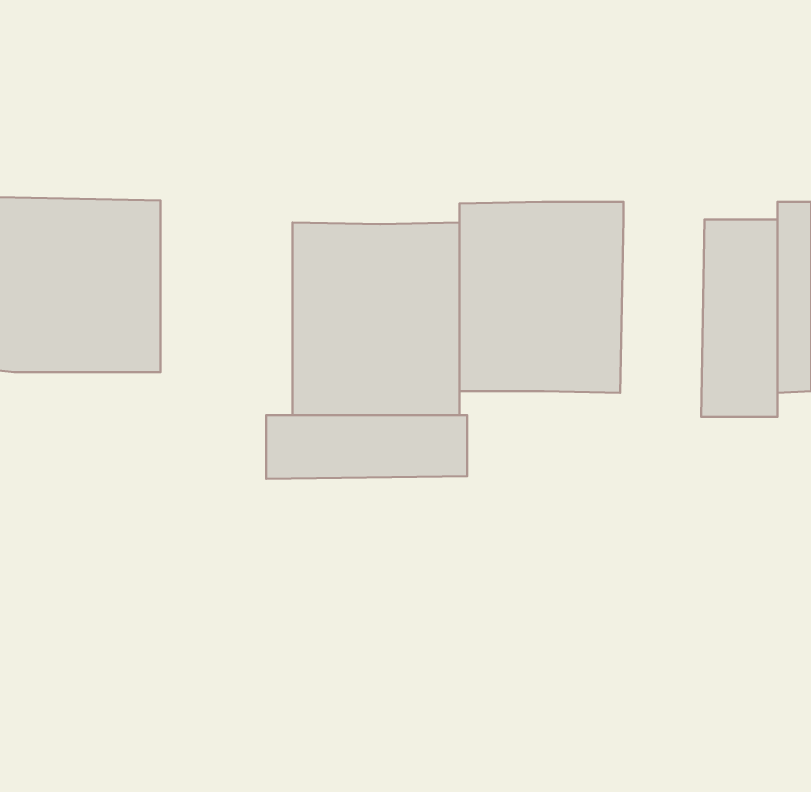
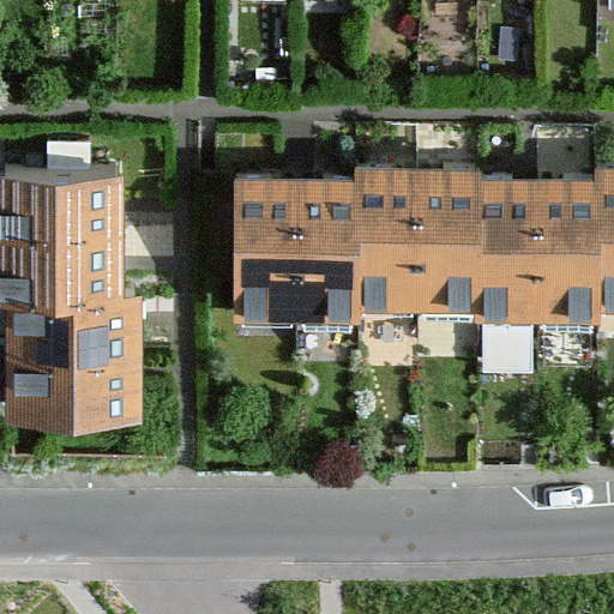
building: none -> [468,181,531,330]
building: none -> [11,296,146,413]
building: [266,415,467,479] -> none

